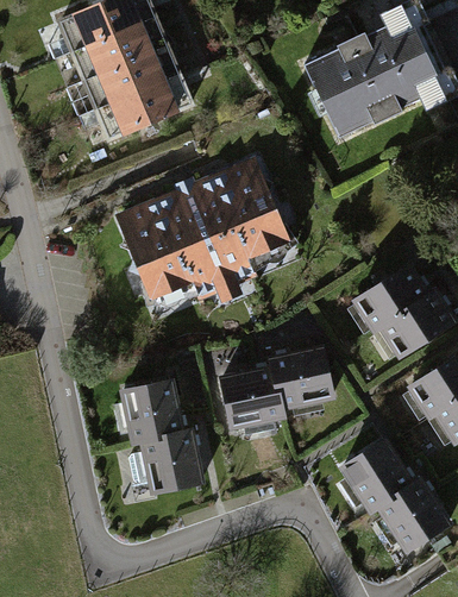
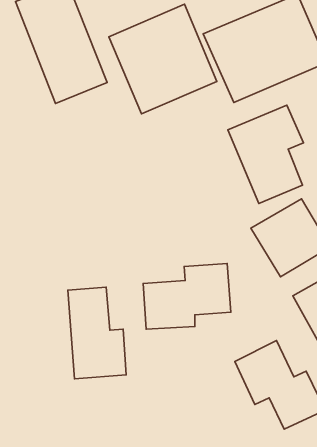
building: none -> [109,4,217,114]
building: none -> [228,105,303,203]
building: [109,149,296,306] -> none

